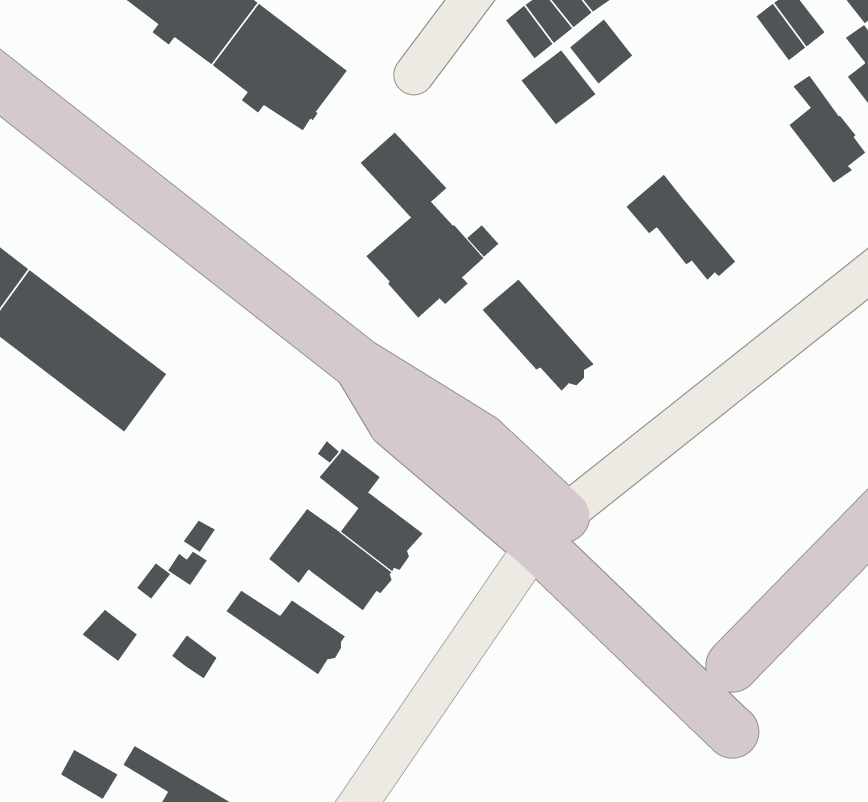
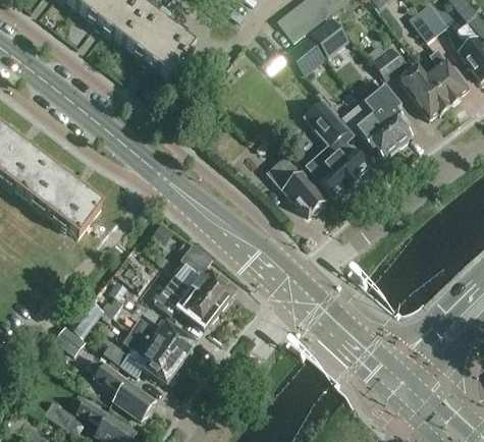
building: none -> [373,46,407,79]
building: none -> [399,62,451,118]
building: [360,132,484,318] -> [304,99,369,197]
building: none -> [363,84,413,146]
building: none -> [124,329,181,383]
building: none -> [87,356,156,419]

